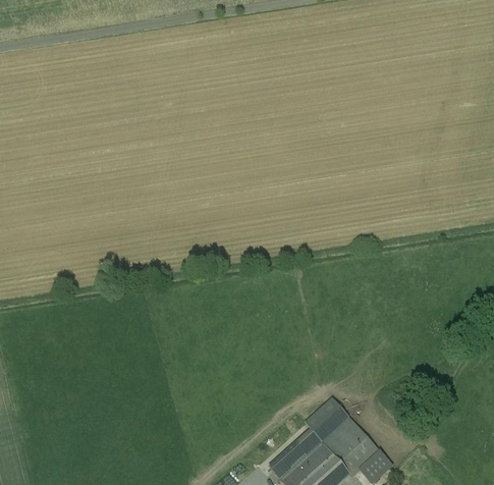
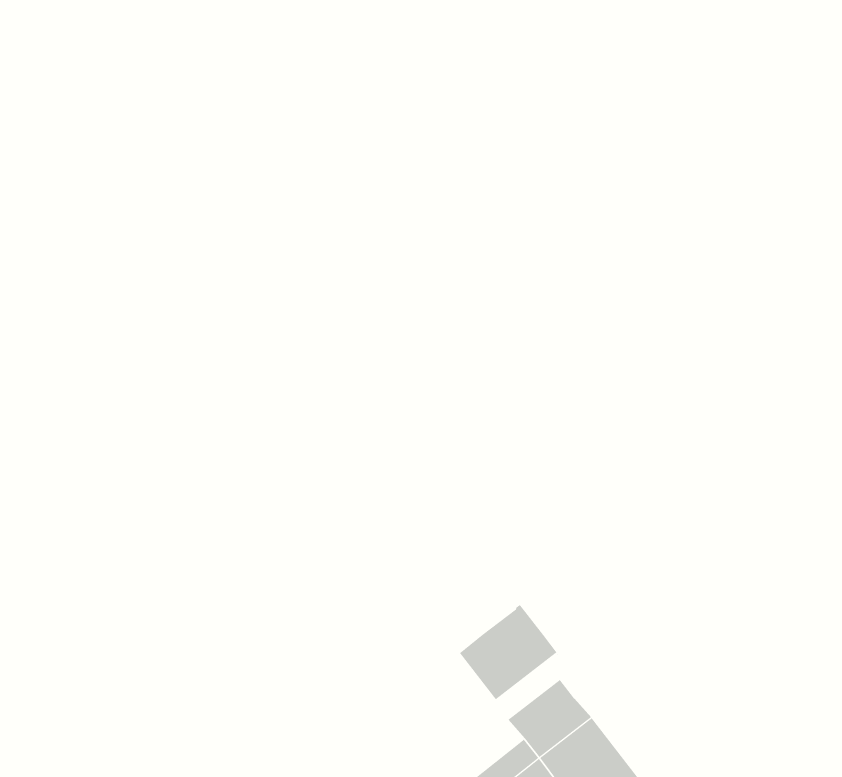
building: none -> [459,604,558,700]

